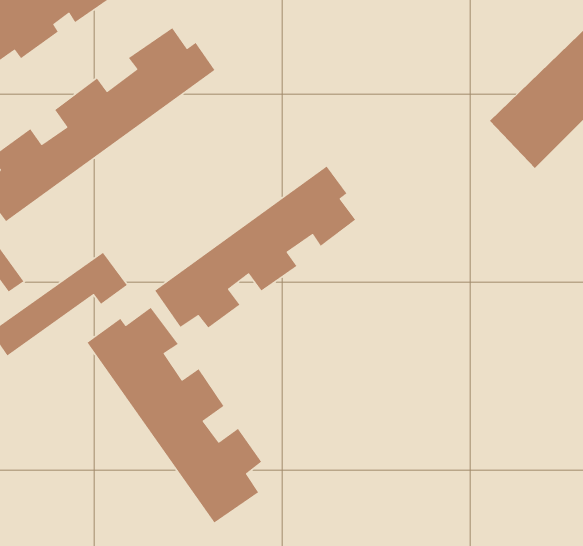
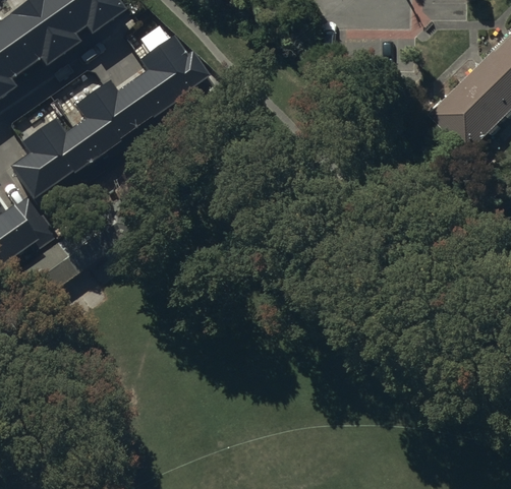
building: [154,166,356,329] -> none
building: [87,307,262,523] -> none

